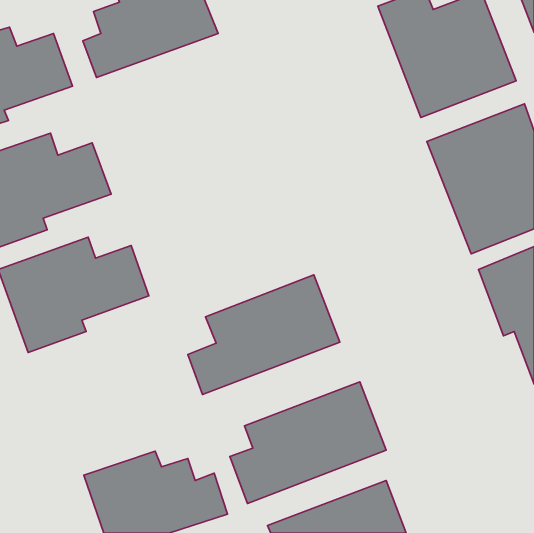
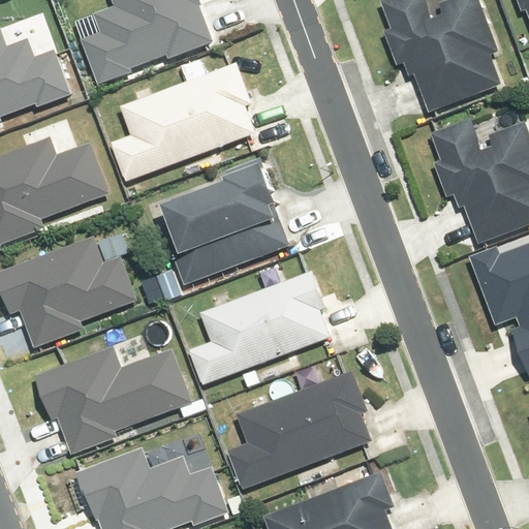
building: none -> [112,61,281,192]
building: none -> [143,160,298,295]
building: none -> [38,344,187,458]

